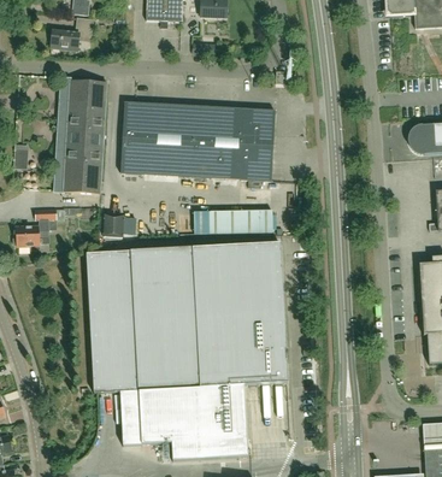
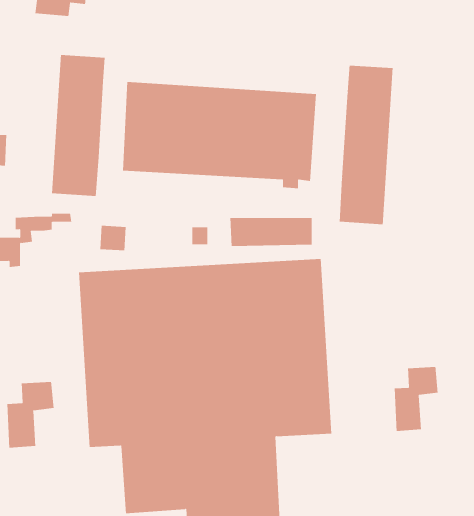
building: none -> [339,65,393,225]
building: none -> [394,366,438,432]
building: none -> [7,381,54,449]

